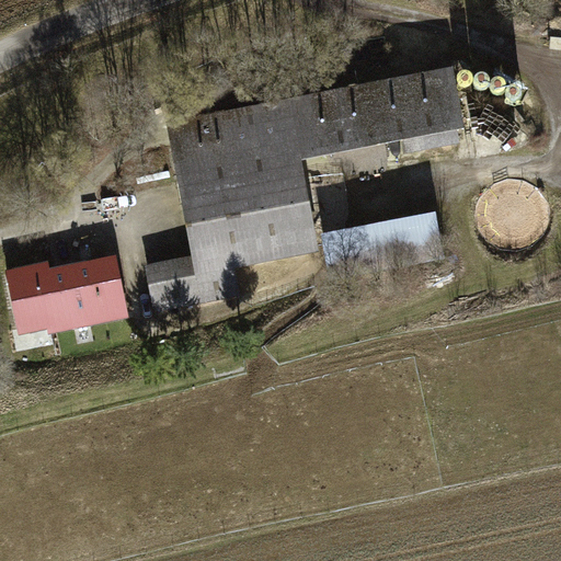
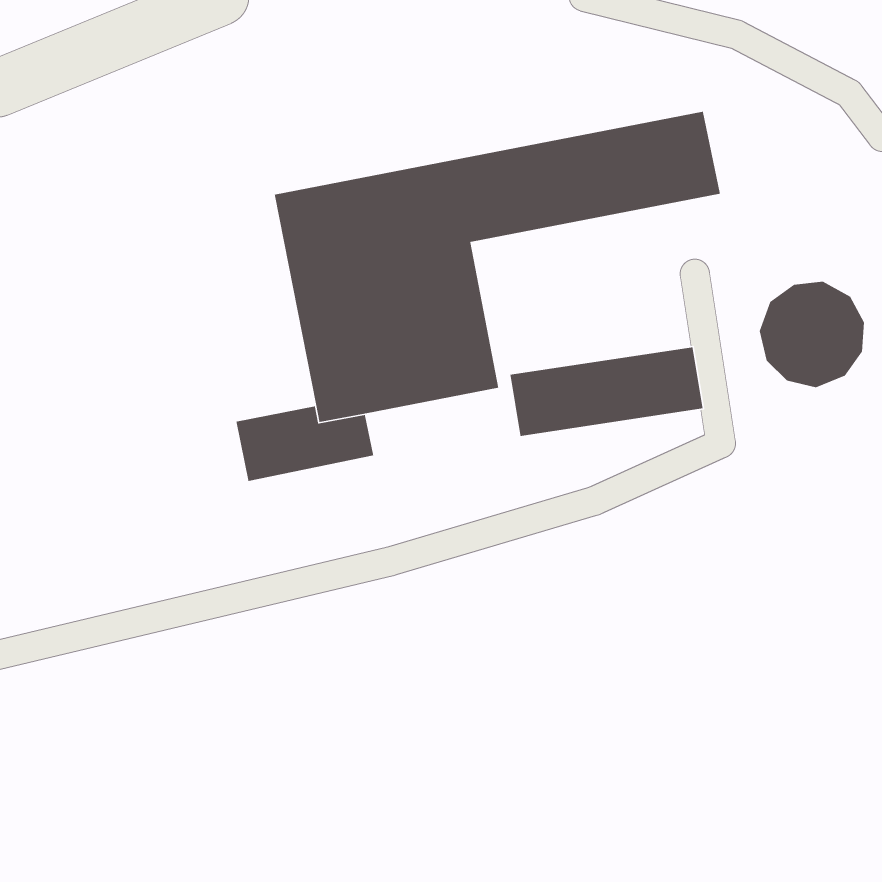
building: [7,260,126,328] -> none

